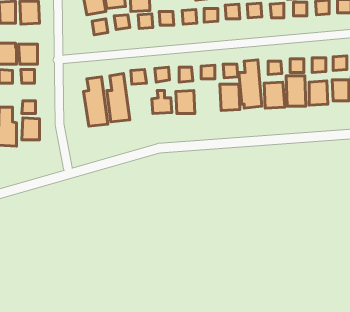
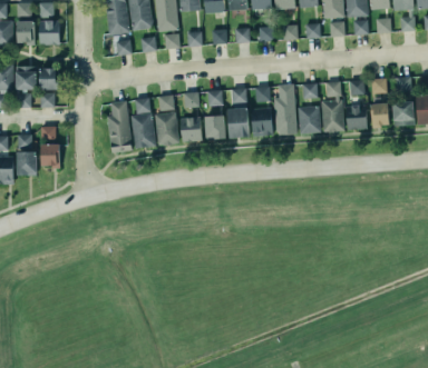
building: none -> [228,109,250,138]
building: none -> [154,111,177,145]

